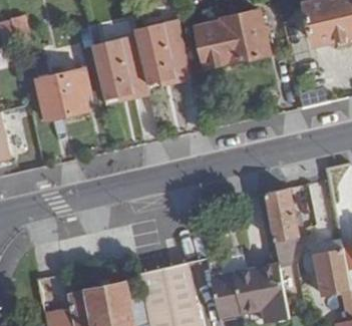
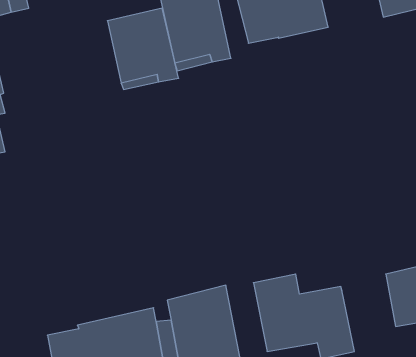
building: [35,69,91,121] -> none
building: [266,188,300,266] -> none

